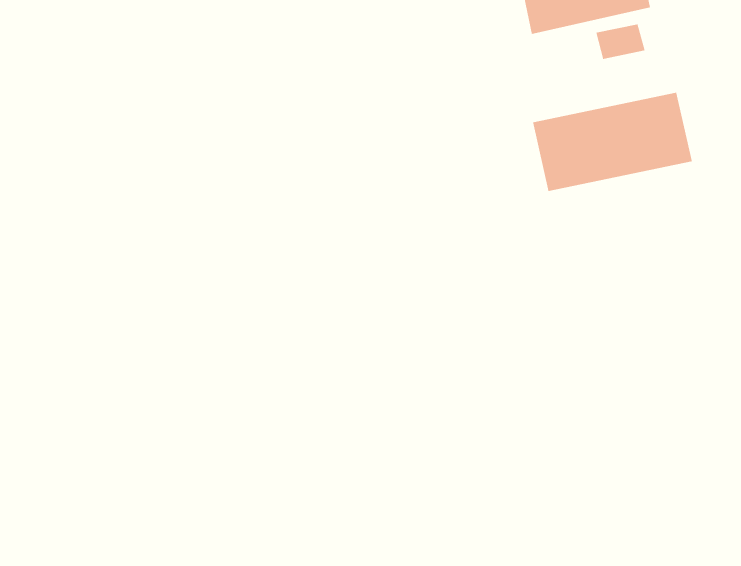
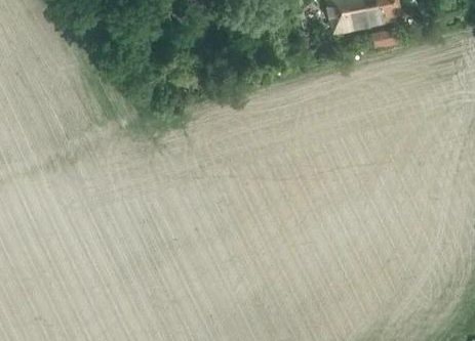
building: [532,92,692,192] -> none

